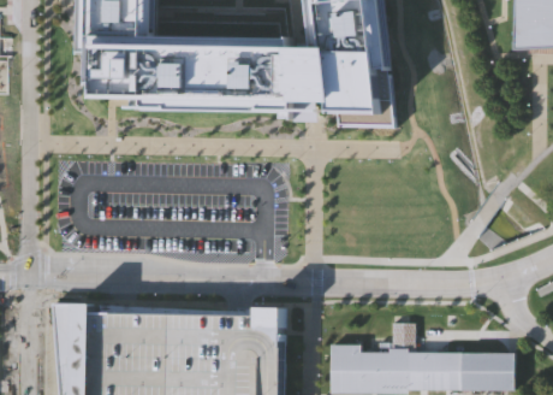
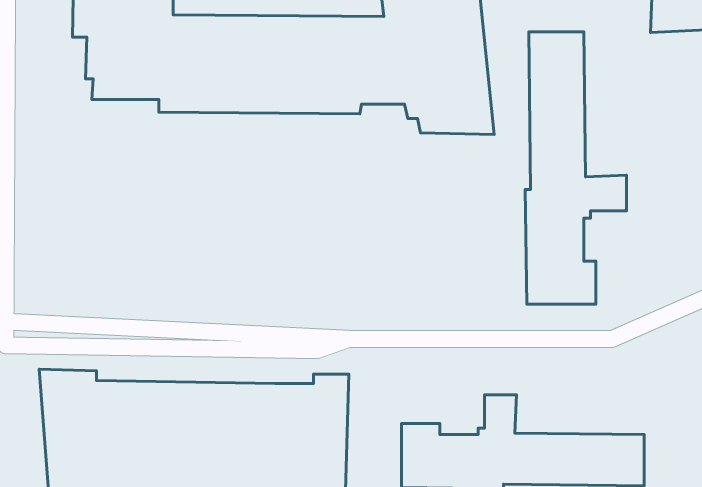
building: none -> [525,32,627,304]

